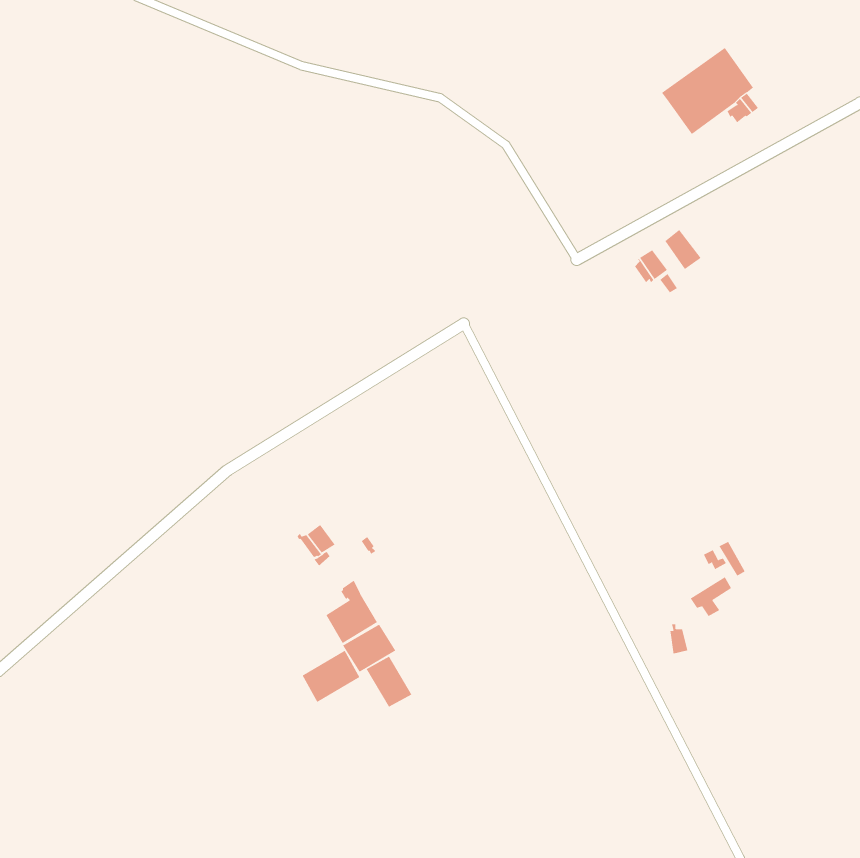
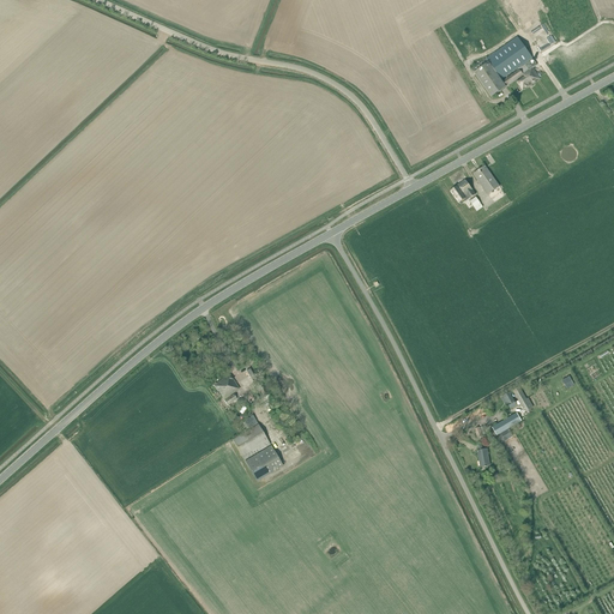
building: [302,650,360,703] -> none
building: [366,656,412,708] -> none

